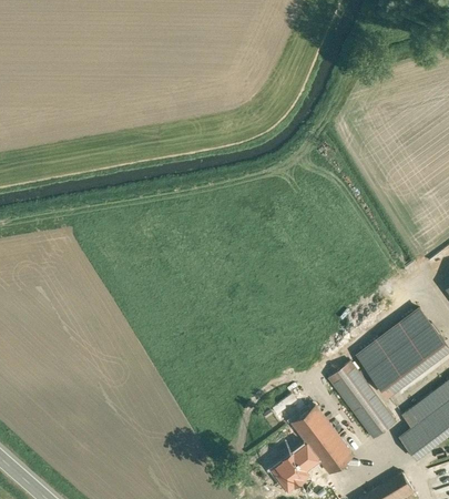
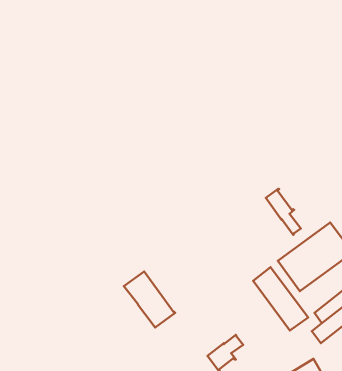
building: none -> [266,189,301,235]
building: [290,406,353,473] -> [124,272,175,327]

